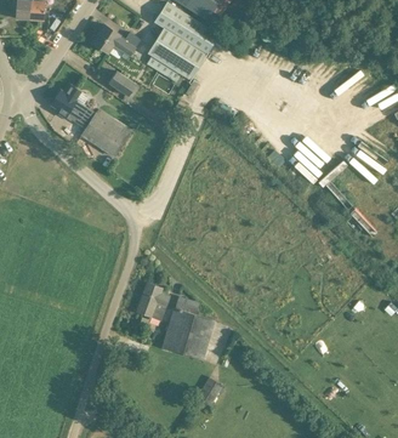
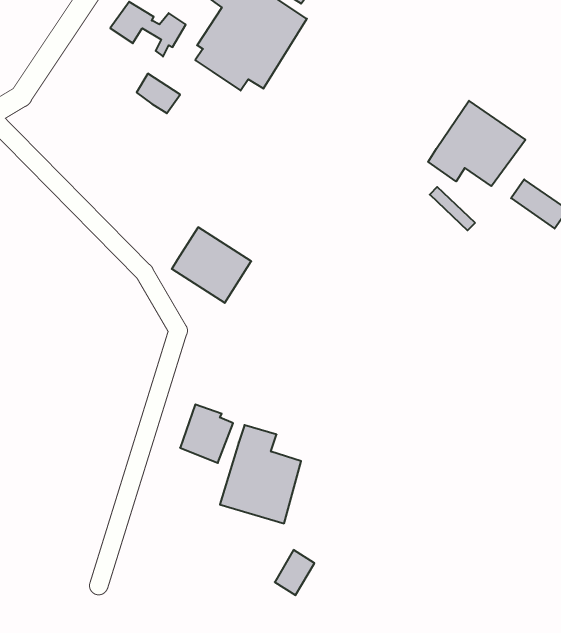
building: [51,84,90,121] -> none
building: none -> [428,101,525,186]
building: [81,108,132,157] -> [172,227,251,303]

